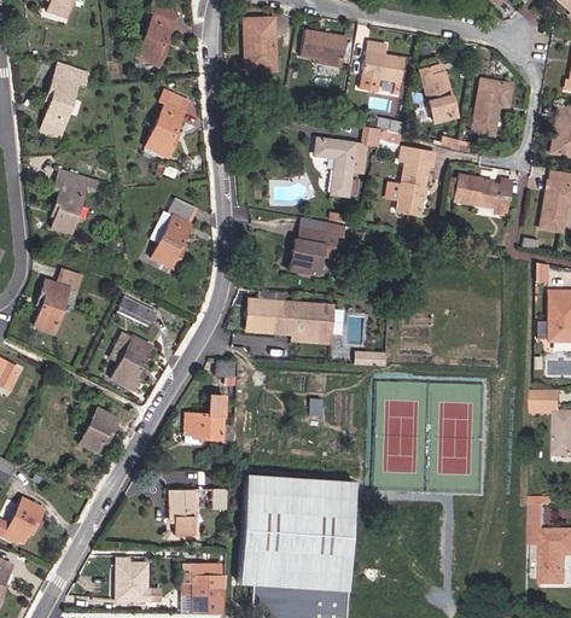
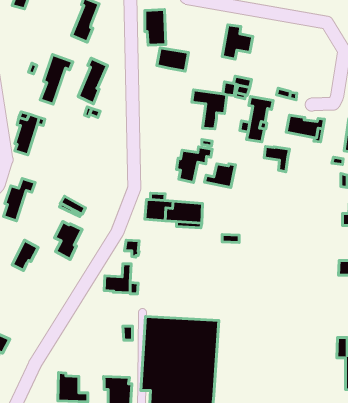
building: [301,29,348,64] -> [157,48,188,71]
building: [41,63,89,136] -> [40,55,73,104]
building: [421,65,459,122] -> none
building: [472,78,513,135] -> none
building: [150,198,196,268] -> none
building: none -> [264,147,290,172]
building: none -> [204,164,235,188]
building: [81,408,120,453] -> [12,240,38,270]
building: [169,490,196,536] -> none

